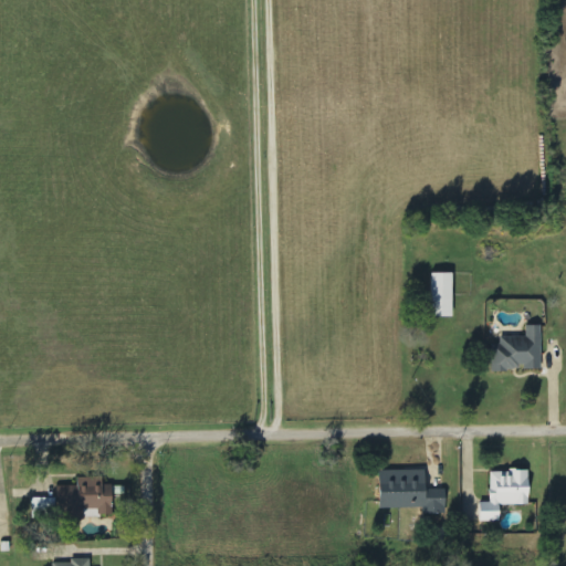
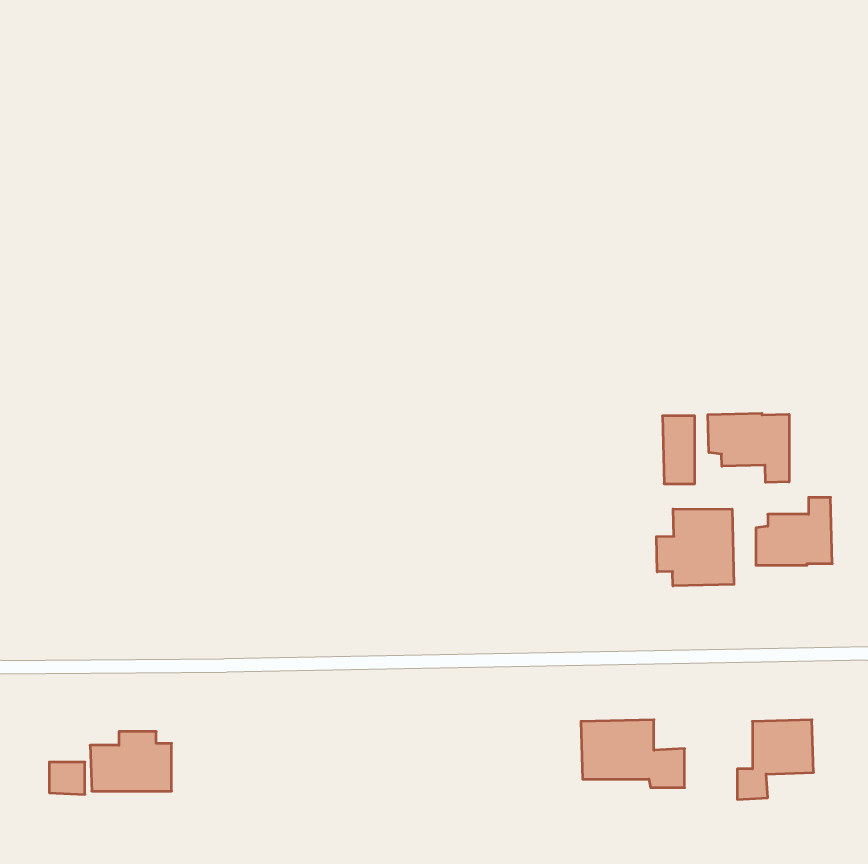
building: none -> [708,413,789,482]
building: none -> [656,509,734,586]

